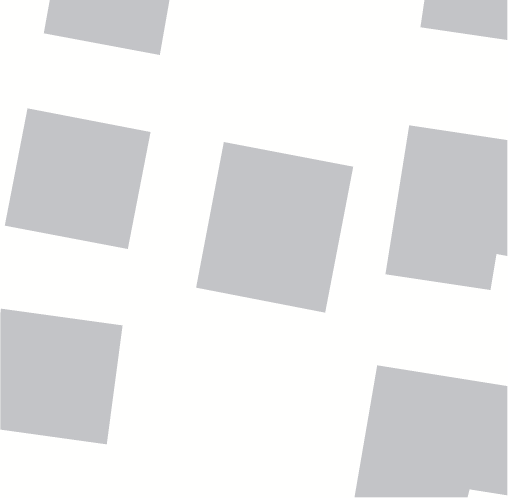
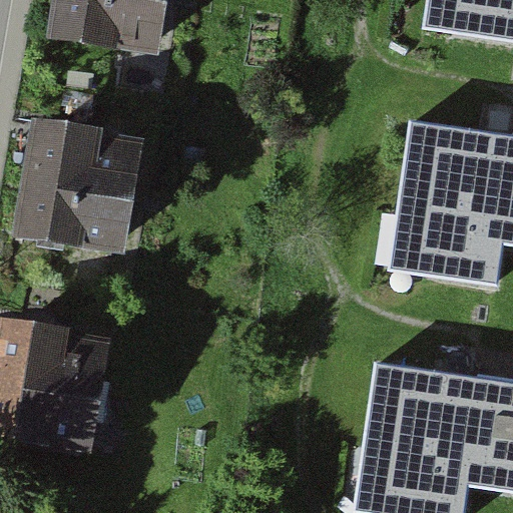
building: [195,141,354,313] -> none

